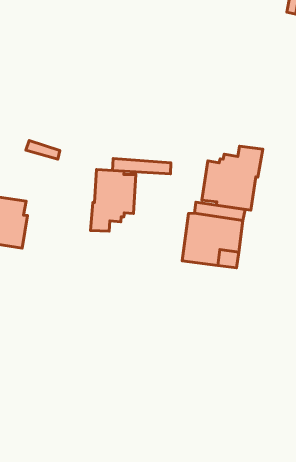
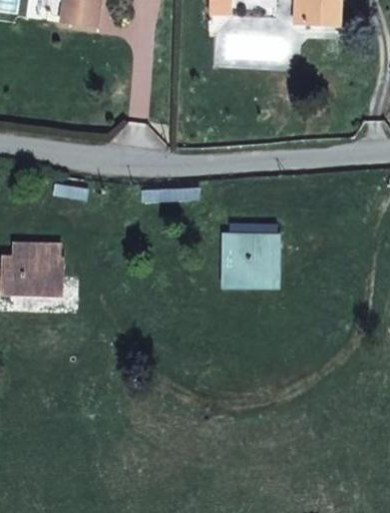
building: [202,146,263,210] -> none
building: [91,170,136,231] -> none

